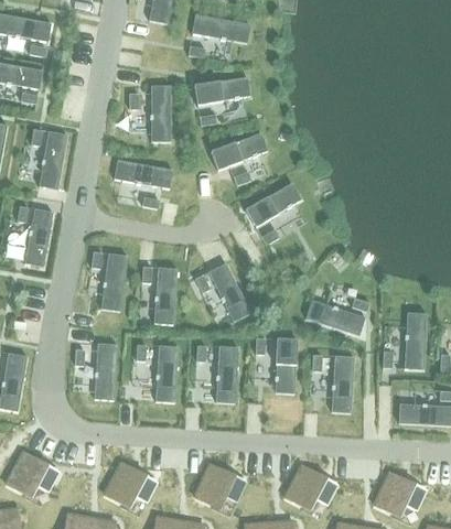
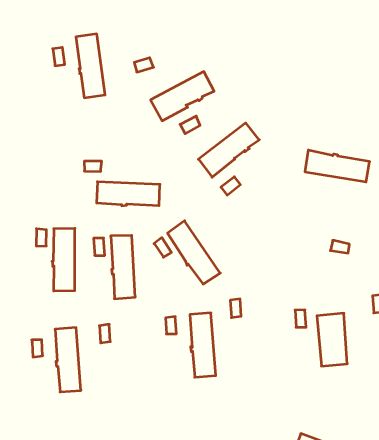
building: [193,76,249,105] -> none
building: [114,160,172,188] -> [97,182,160,206]
building: [305,300,364,335] -> [305,150,370,182]
building: [275,338,297,393] -> none
building: [155,345,178,402] -> none

